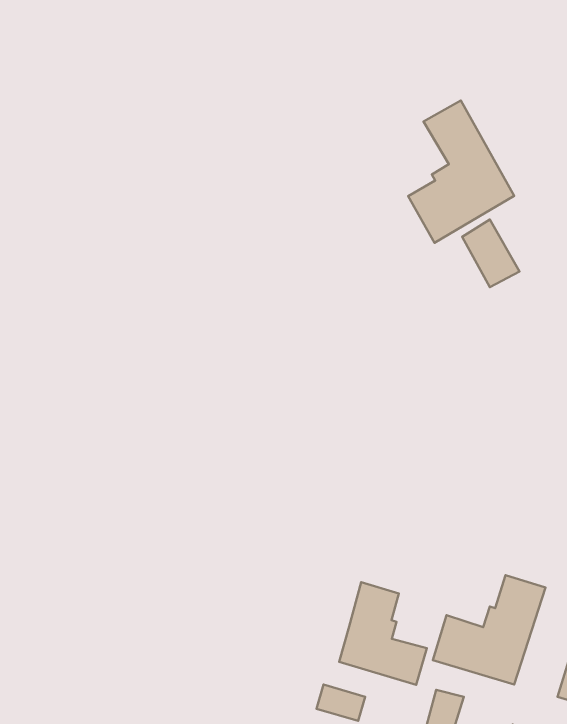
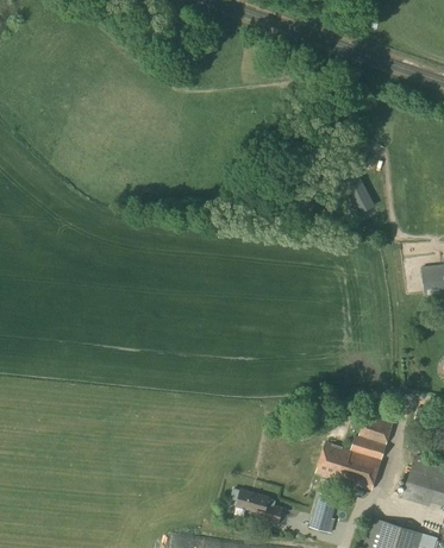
building: [408,100,514,243] -> none
building: [339,582,427,685] -> none

